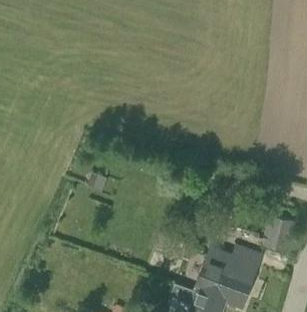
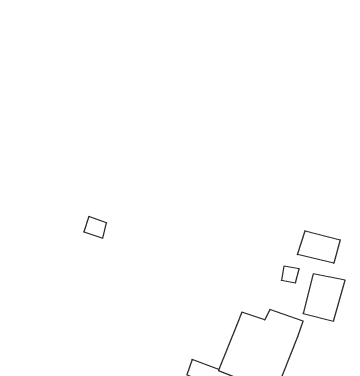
building: none -> [297,231,340,263]

